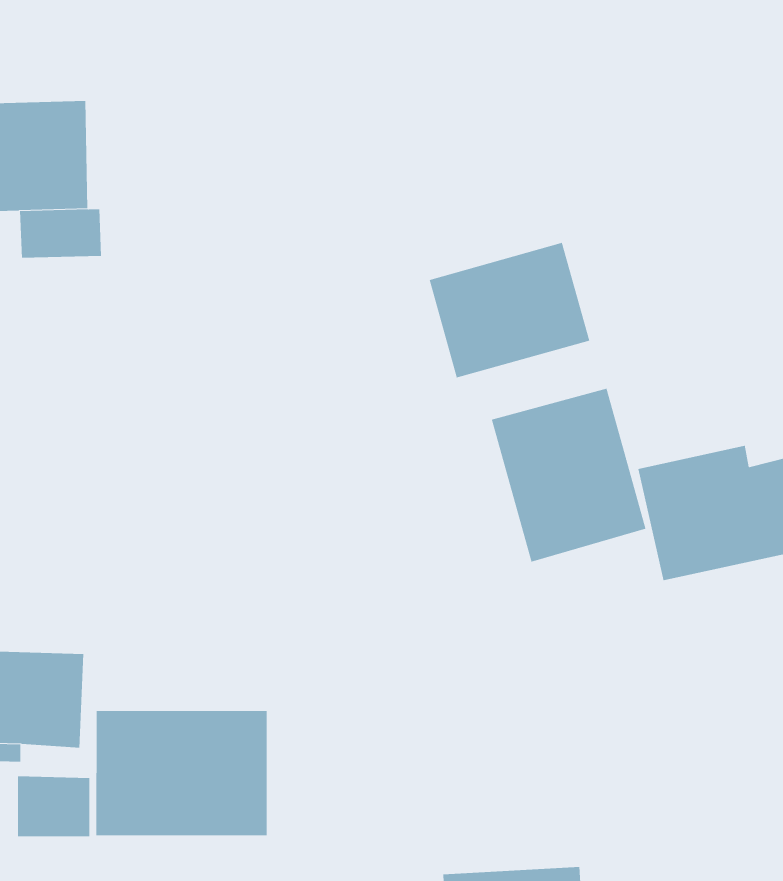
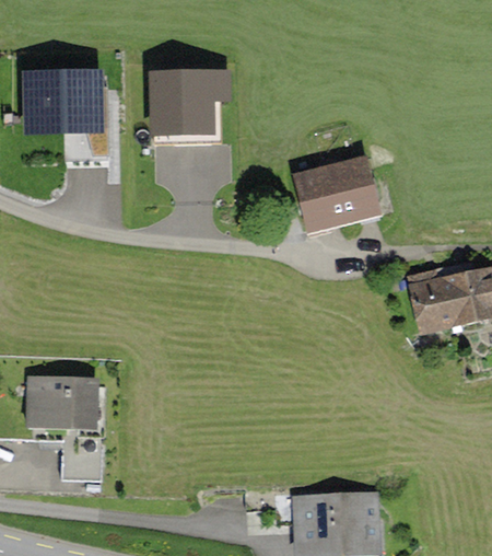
building: none -> [151,69,233,137]
building: [491,388,646,563] -> none
building: [96,710,267,836] -> none

